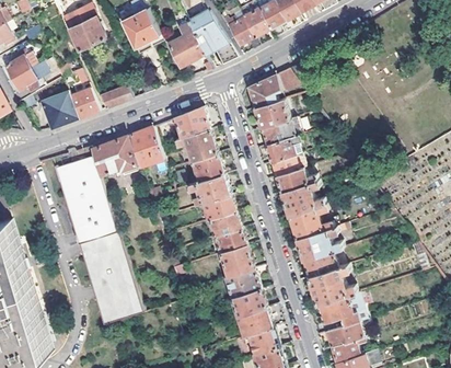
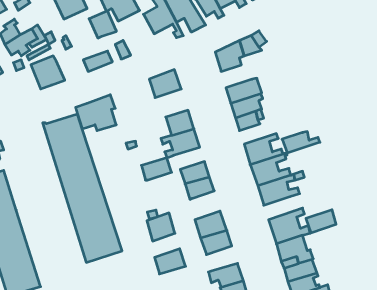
building: [69,89,100,119] -> [89,11,116,38]
building: [255,100,290,128] -> none
building: [130,127,163,166] -> none
building: [175,129,218,161] -> none
building: [276,168,319,192] -> [282,132,320,153]
building: [203,195,236,220] -> [141,158,172,180]
building: [222,244,254,276] -> [147,213,175,241]
building: [303,251,337,277] -> [306,210,336,233]
building: [239,307,274,335] -> [155,249,186,274]

